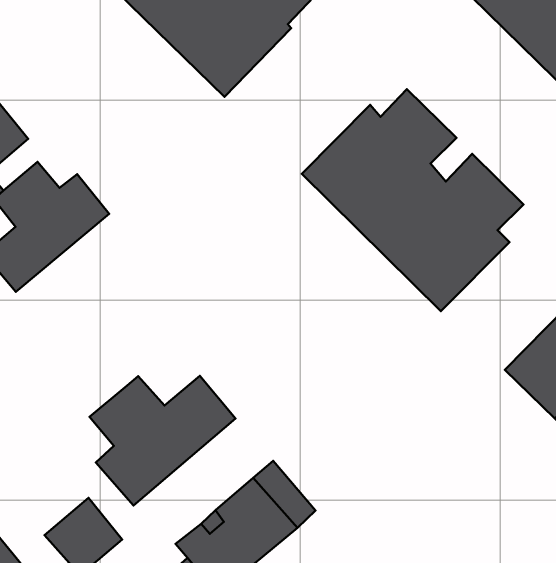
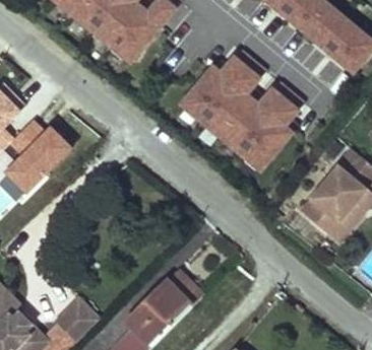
building: [89,376,235,505] -> none

